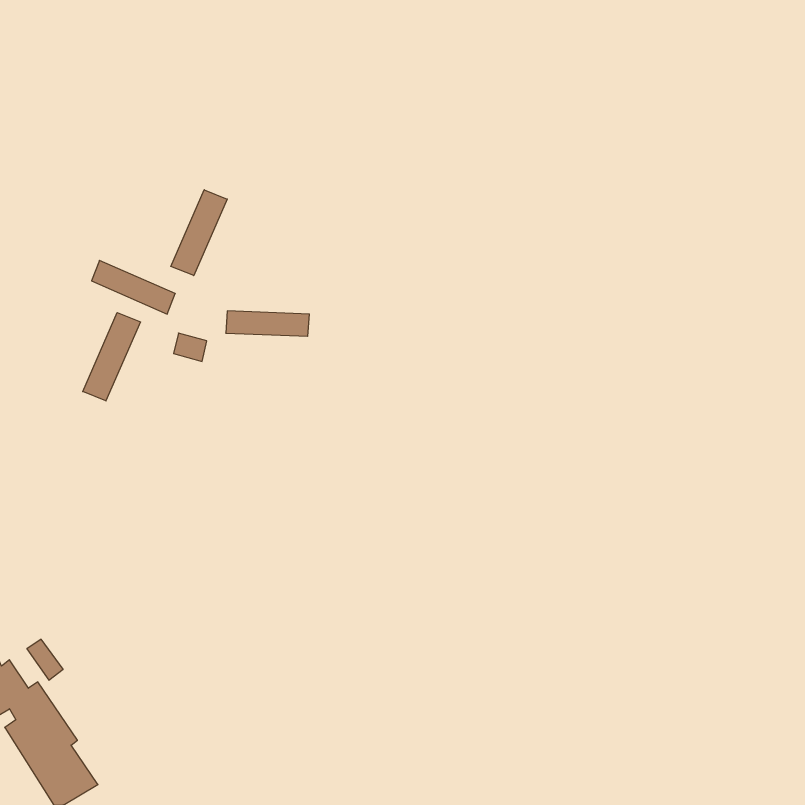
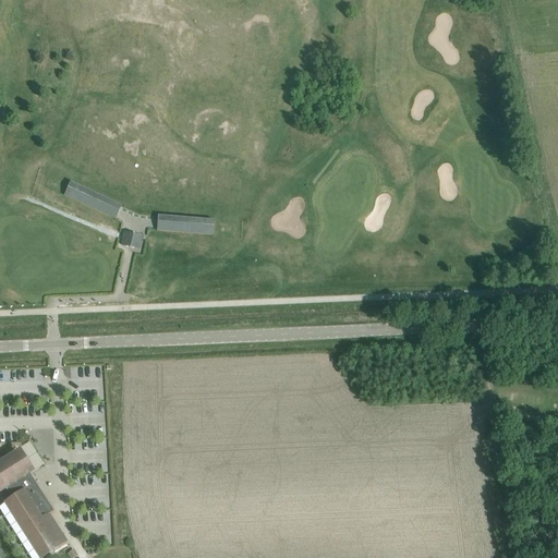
building: [171,190,227,276] -> none
building: [83,313,140,401] -> none

